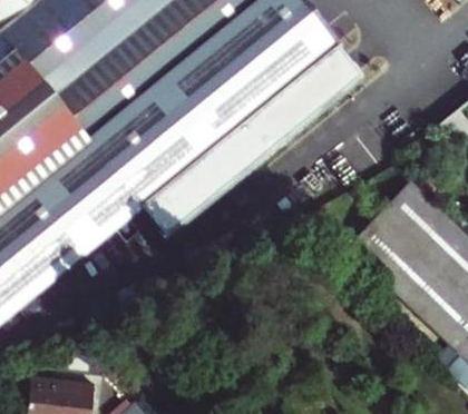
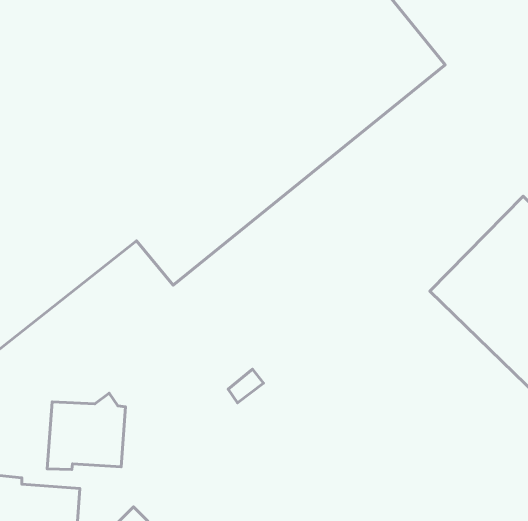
building: none -> [47,393,125,470]

